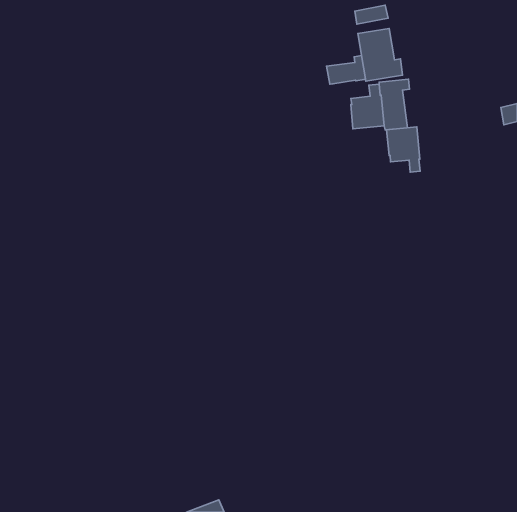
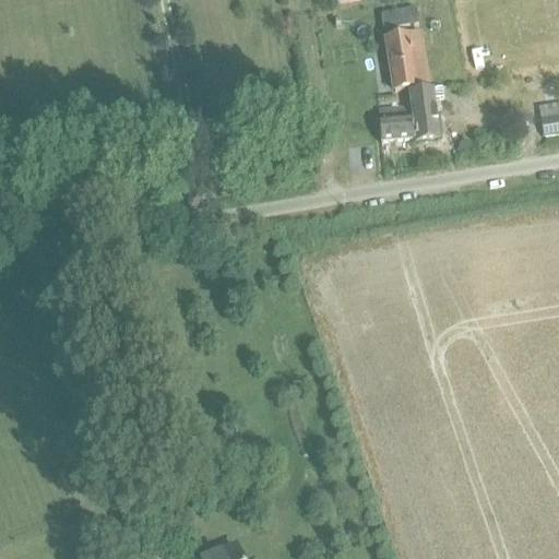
building: [326,55,366,84] -> none
building: [386,127,420,172] -> none

